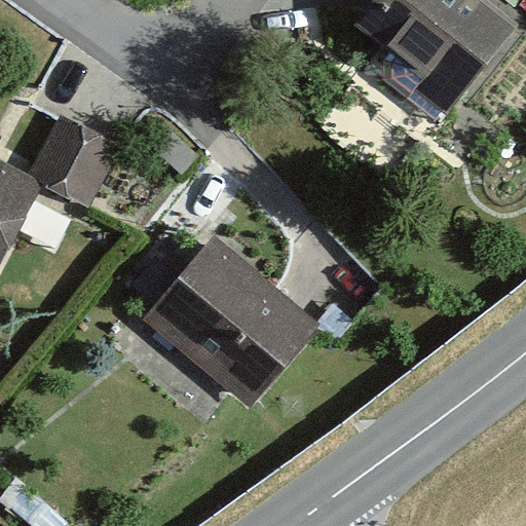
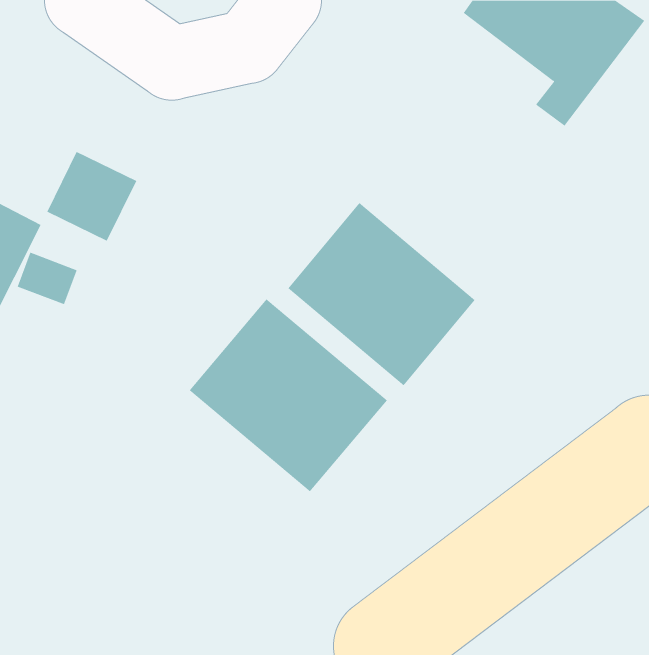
building: none -> [287,202,476,386]

